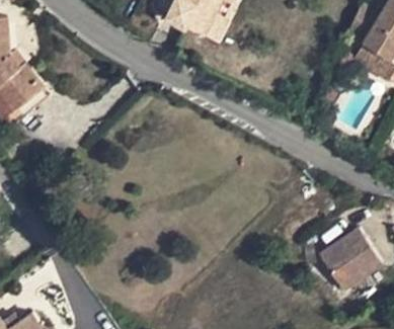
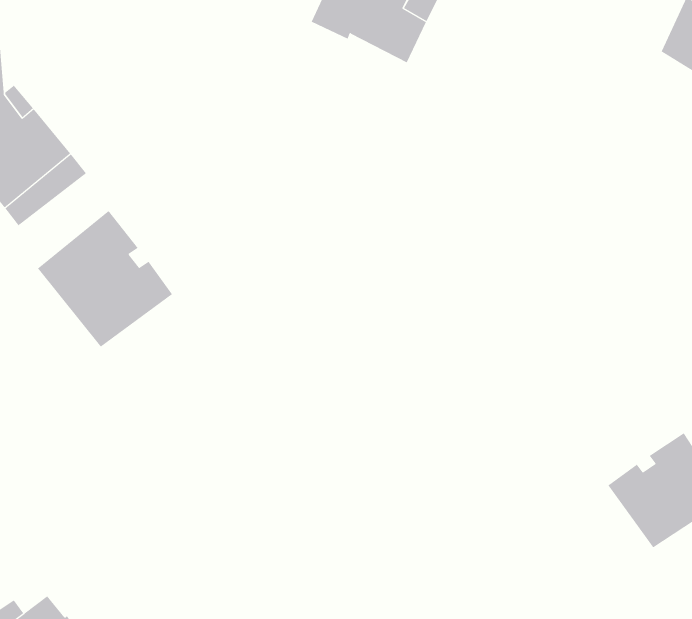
building: none -> [37,210,173,347]

